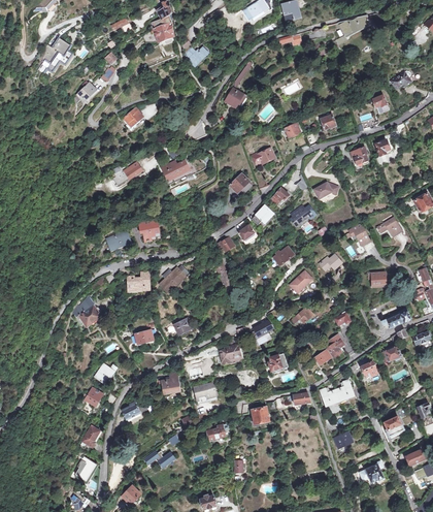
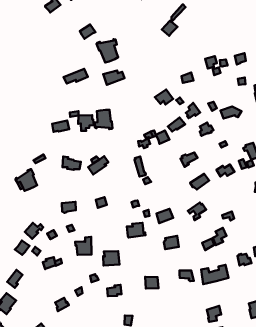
building: none -> [97,39,118,63]
building: none -> [95,110,112,129]

